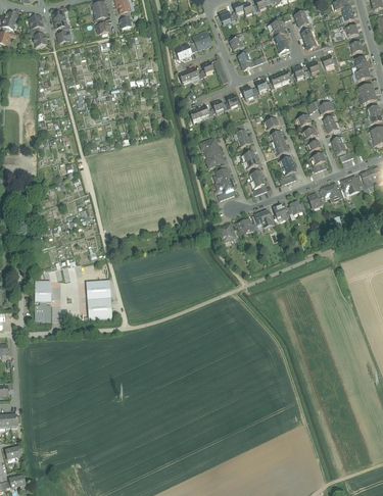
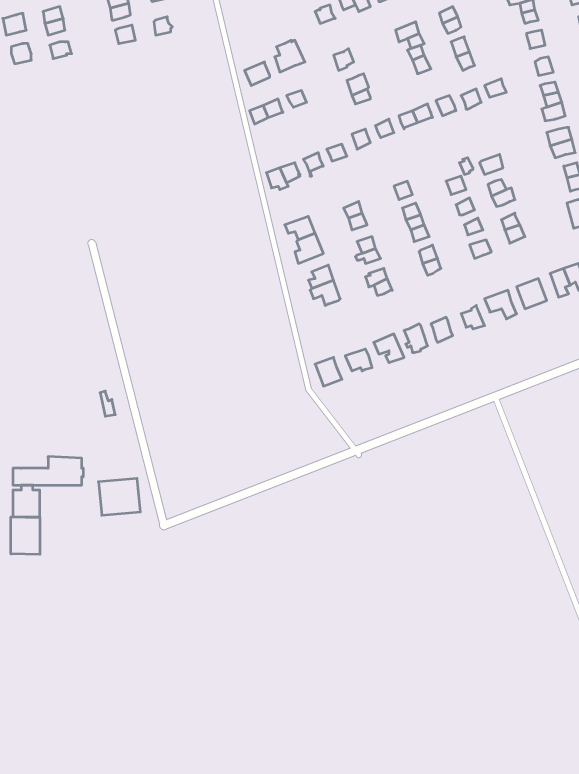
building: [86,280,110,299] -> none
building: none -> [11,517,40,554]

